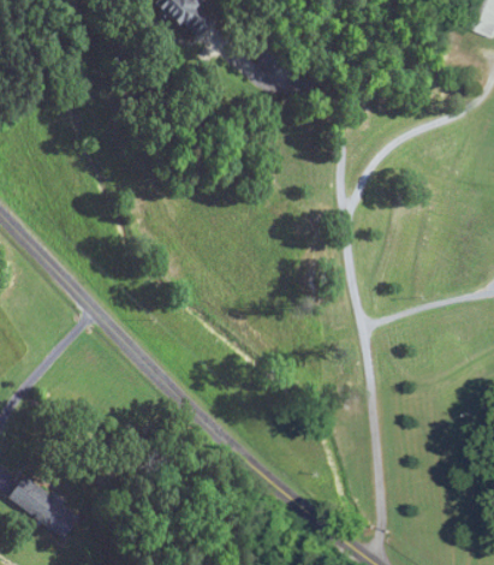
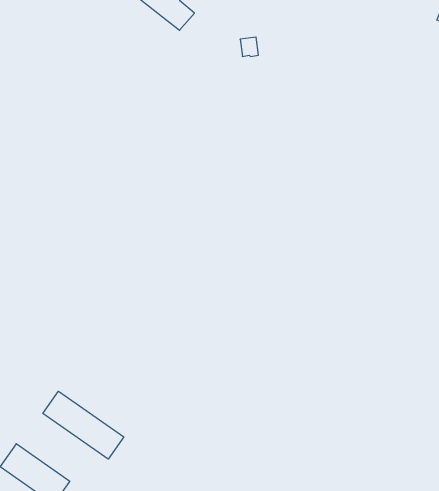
building: none -> [43,391,124,459]

